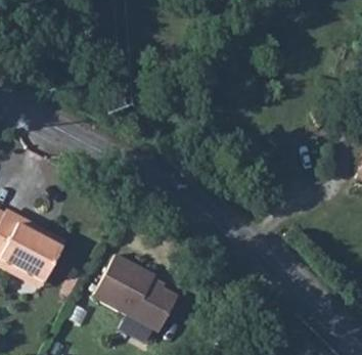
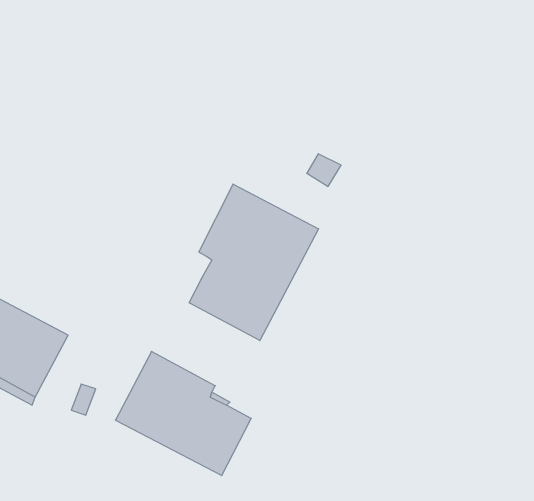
building: none -> [189,184,319,341]

